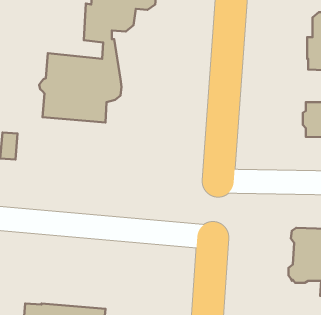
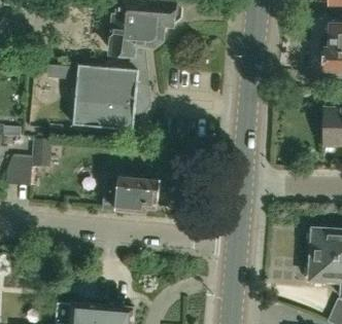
building: none -> [103,176,162,212]

